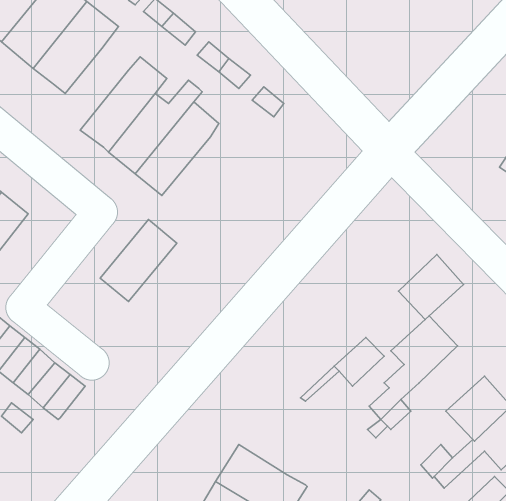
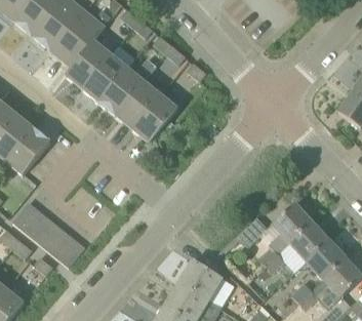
building: none -> [65,39,111,89]
building: [100,220,177,302] -> [131,93,178,144]
building: [398,254,464,320] -> [289,222,329,262]
building: none -> [178,259,234,307]

